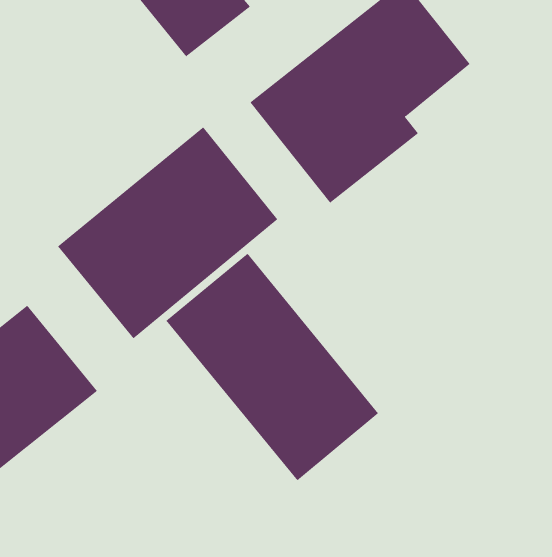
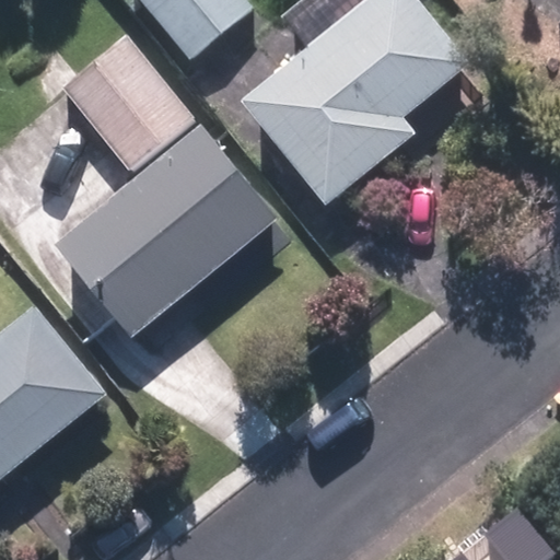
building: none -> [60,32,190,165]
building: [165,253,379,481] -> none

